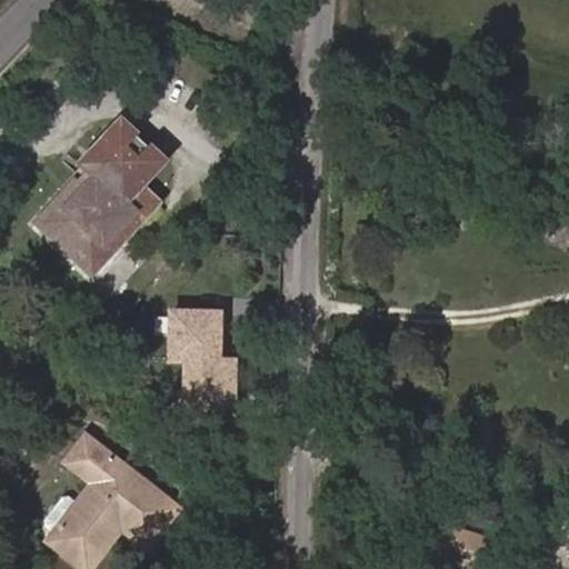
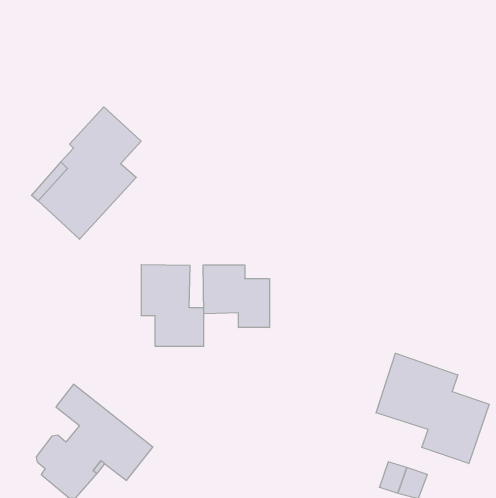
building: none -> [203,265,269,328]
building: none -> [376,353,489,464]

